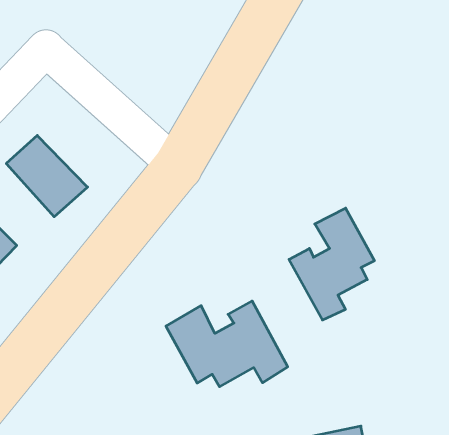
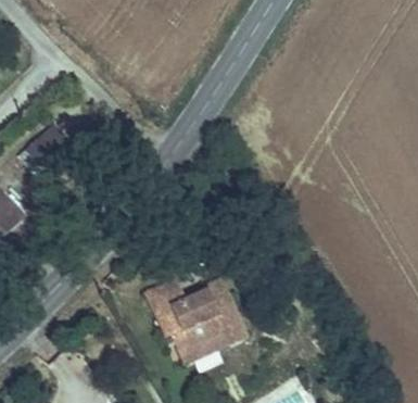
building: [289,208,374,320] -> none

